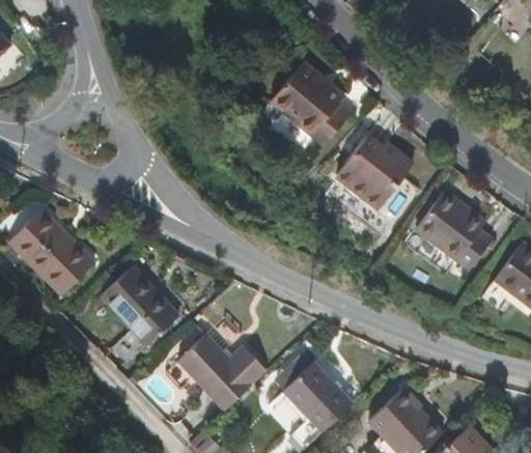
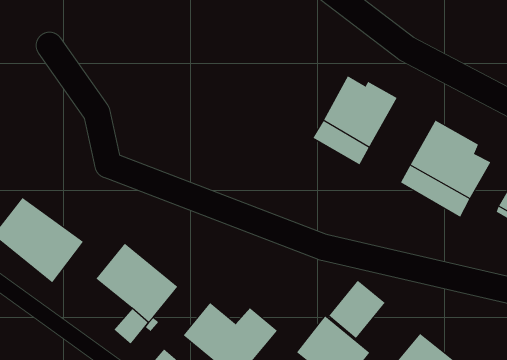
building: [271,61,353,144] -> none
building: none -> [328,280,385,339]

